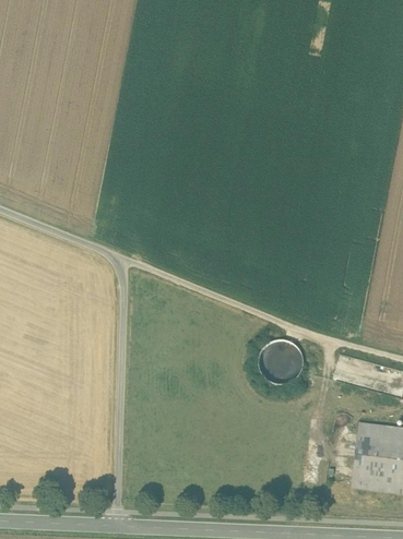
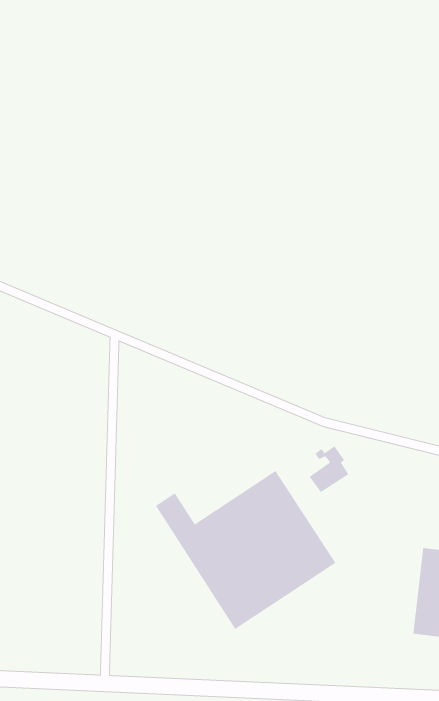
building: none -> [155,470,336,630]

